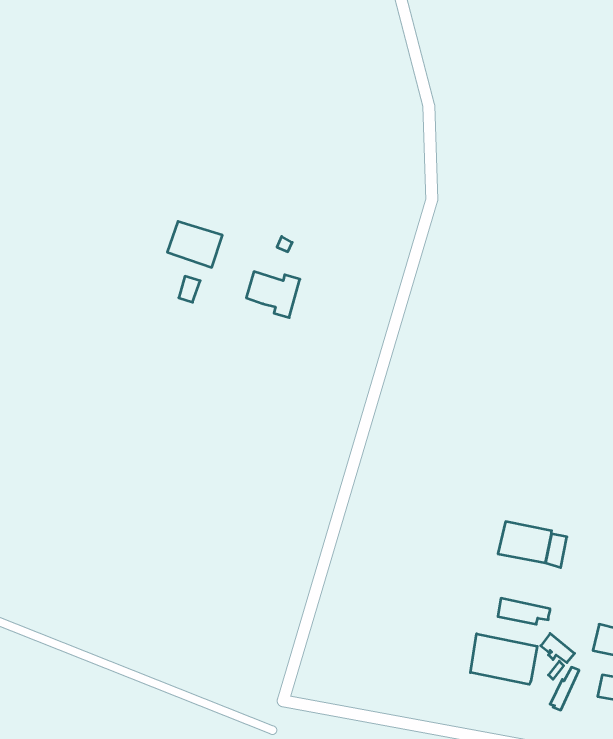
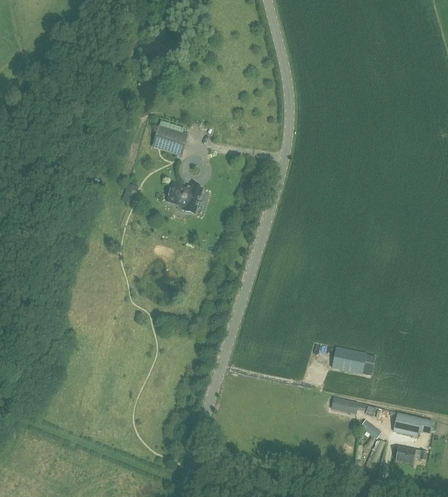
building: [167,221,222,267] -> [152,125,188,155]
building: [470,634,537,684] -> none

